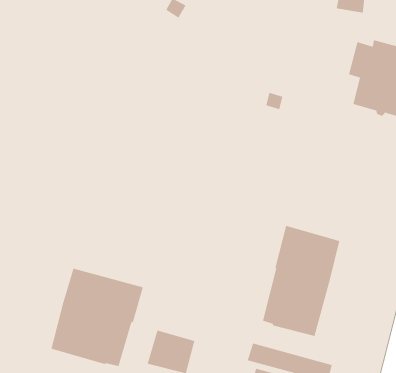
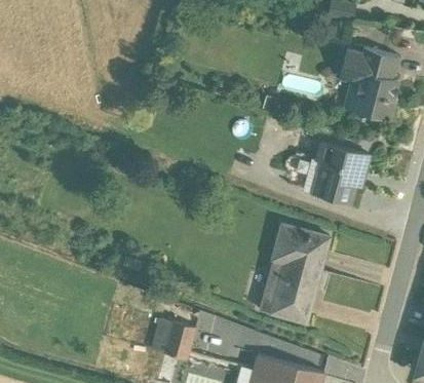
building: none -> [303,143,372,206]
building: [51,268,143,367] -> none

